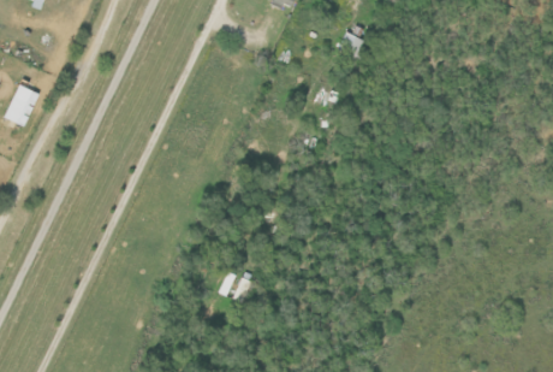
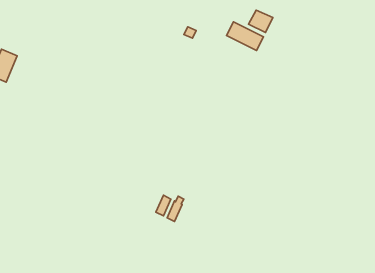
building: none -> [226,22,264,51]

